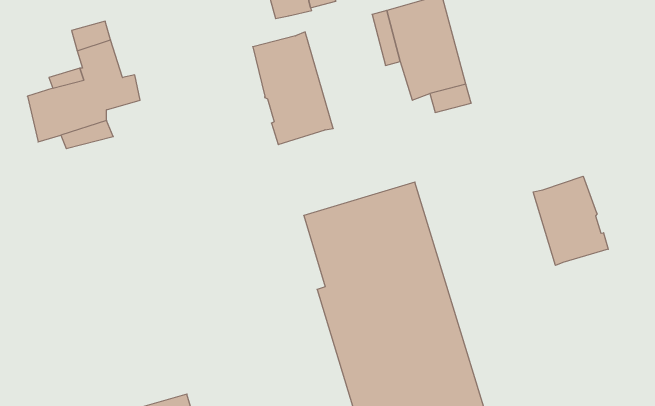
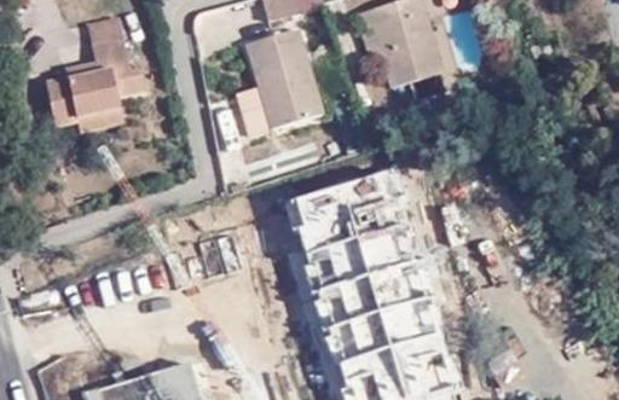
building: none -> [235,88,271,138]
building: [533,176,608,265] -> none

